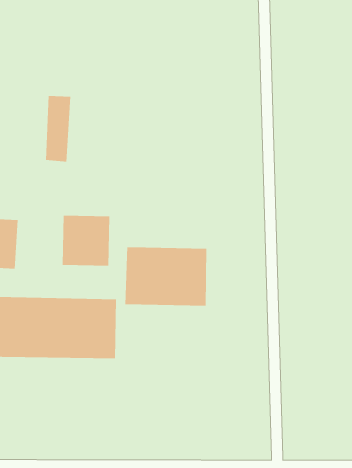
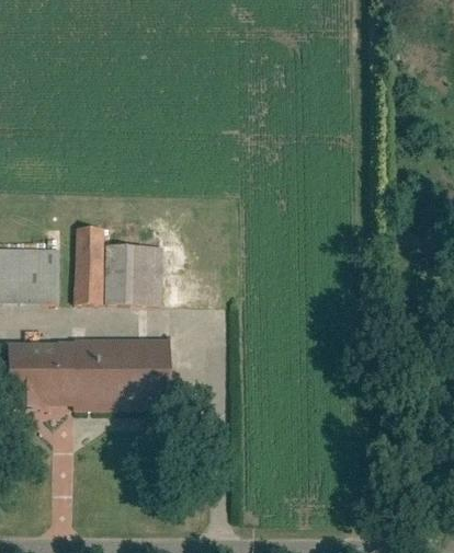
building: [45,96,71,162] -> [72,227,102,302]
building: [125,247,207,307] -> none

